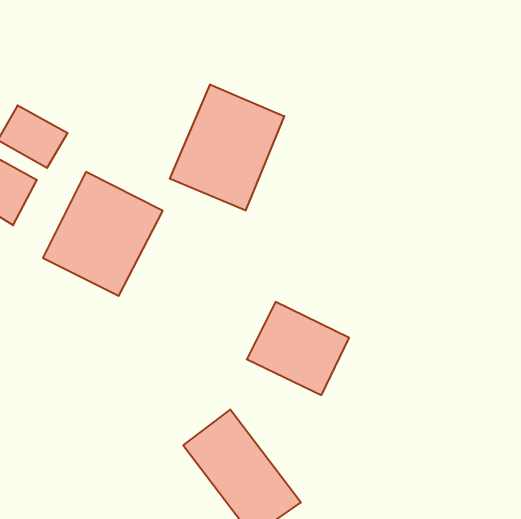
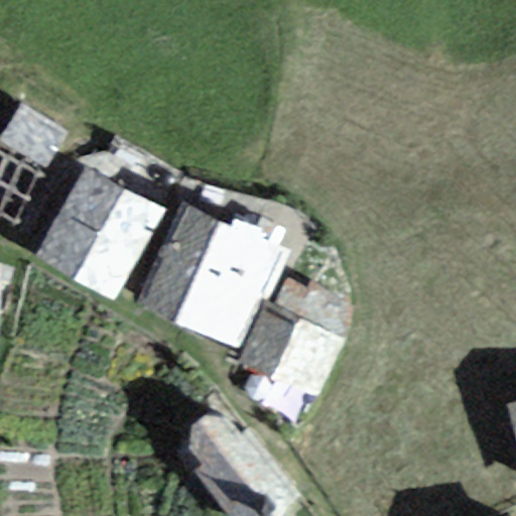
building: [170,84,284,211] -> none
building: none -> [143,211,279,346]

